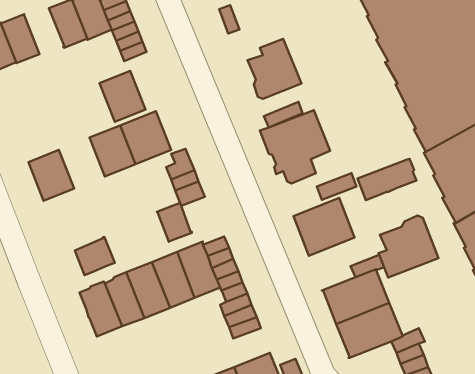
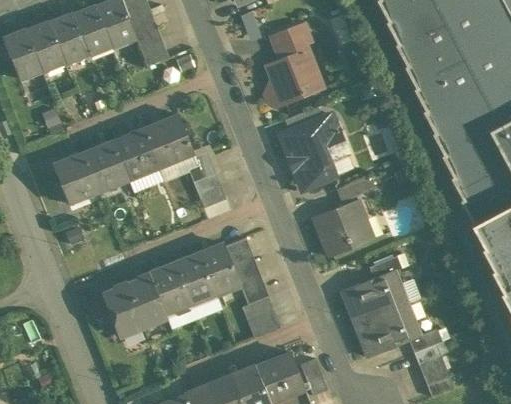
building: none -> [49,12,88,61]
building: none -> [274,25,309,53]
building: [100,71,145,122] -> [83,141,128,191]
building: [357,159,416,200] -> none
building: [157,203,192,242] -> none
building: [379,216,439,277] -> none
building: [75,237,115,275] -> none

